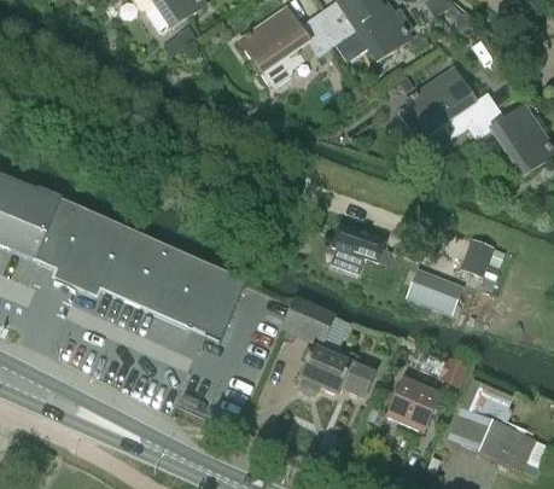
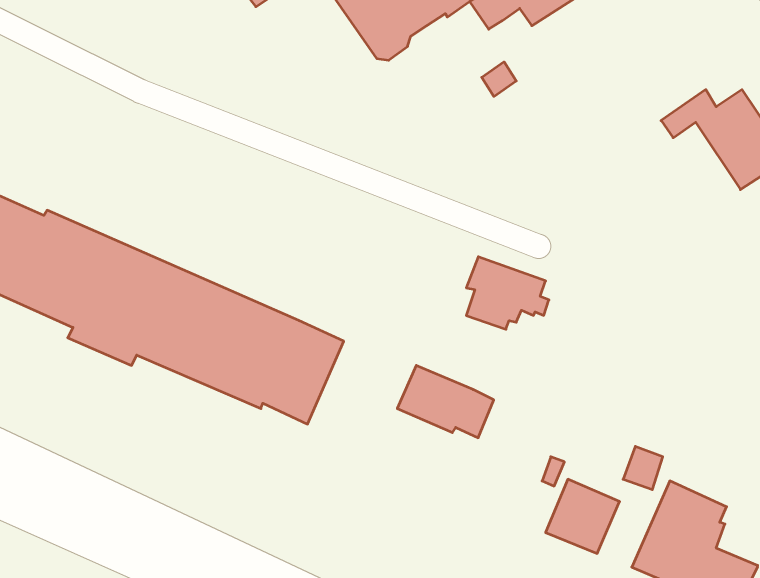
building: [398,66,498,136] -> none
building: [460,238,495,275] -> none
building: [406,269,453,310] -> none
building: [299,344,374,396] -> none

